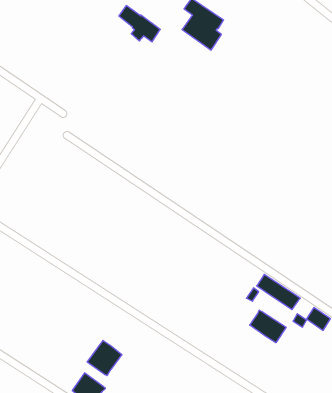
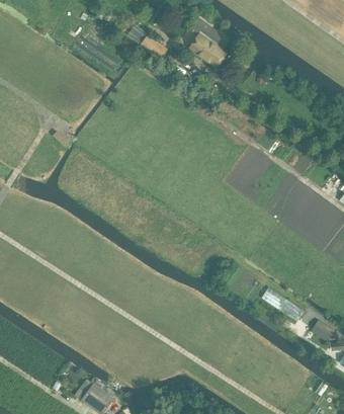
building: [250,310,286,343] -> none
building: [87,340,122,376] -> none

